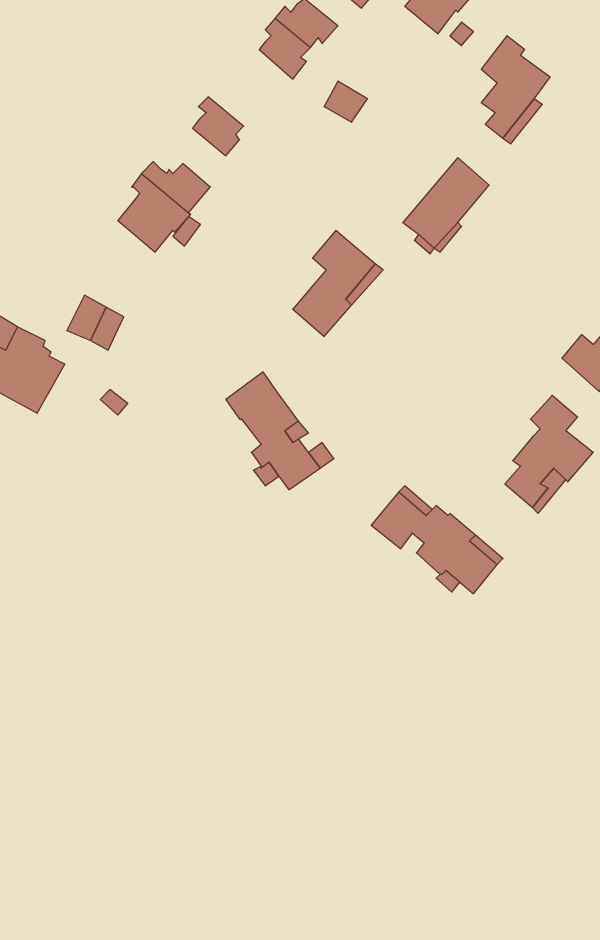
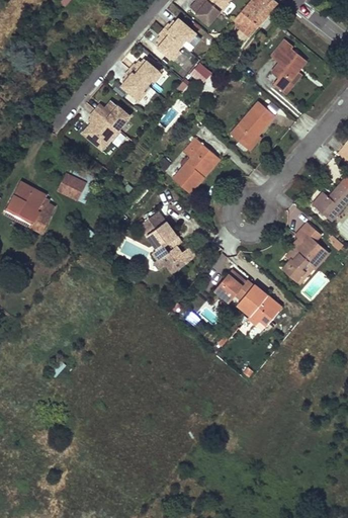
building: none -> [129,58,162,84]

